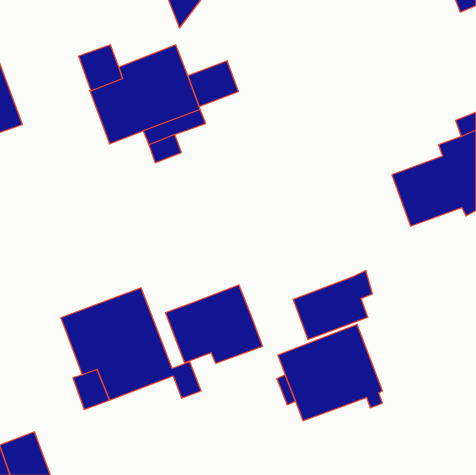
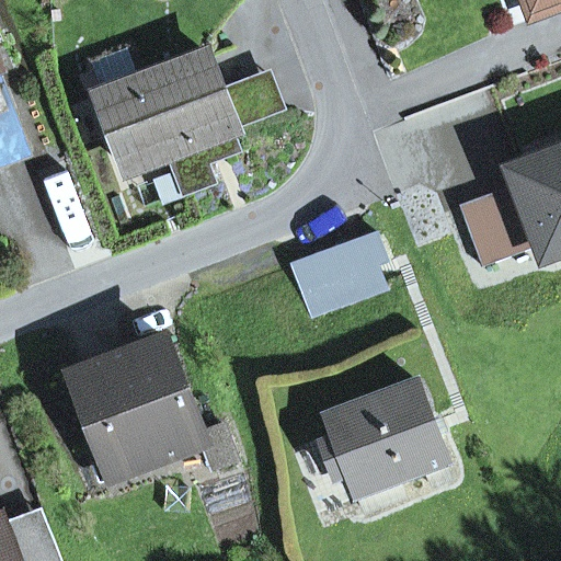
building: [293,270,373,340] -> [291,232,385,313]
building: [165,285,262,363] -> none

